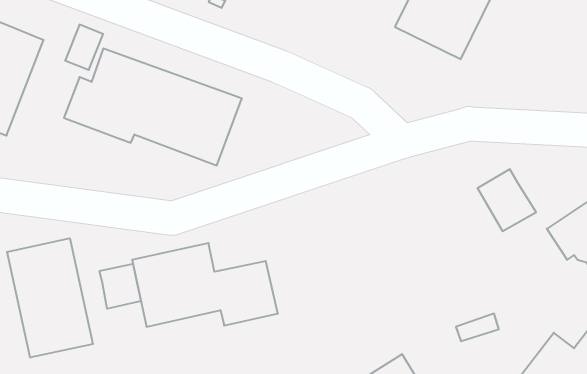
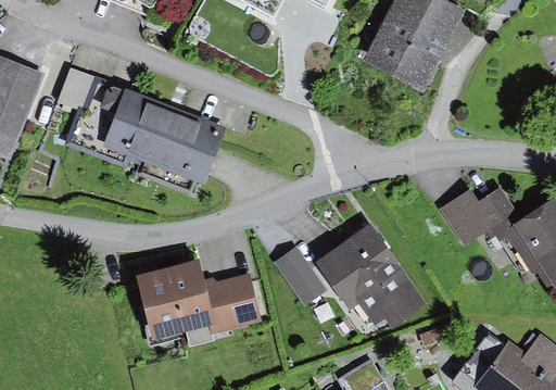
building: none -> [477,188,526,244]
building: none -> [279,223,417,327]
building: [7,238,93,358] -> none
building: [100,264,141,309] -> none

